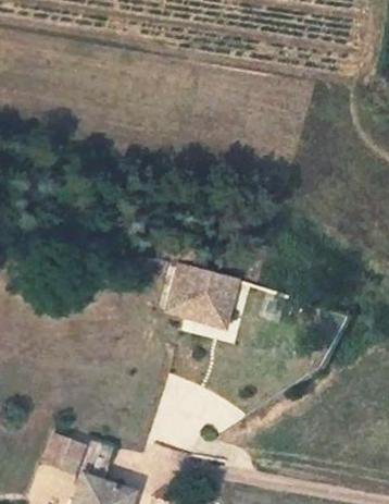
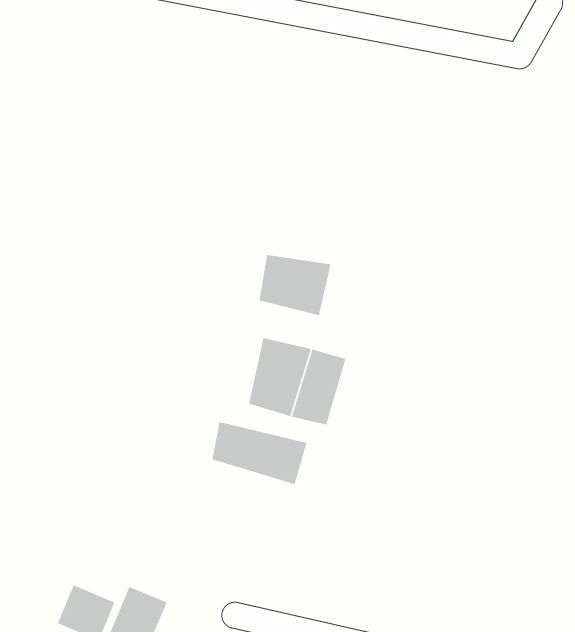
building: none -> [258,254,332,316]
building: none -> [211,421,308,485]

